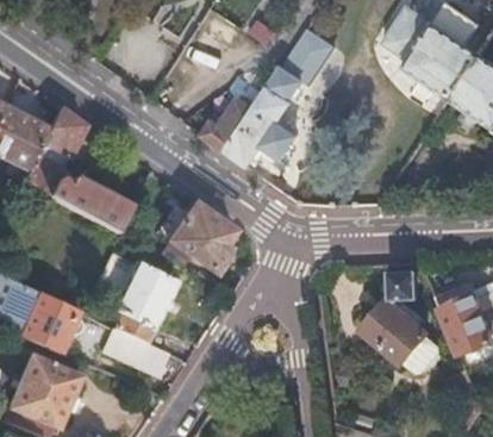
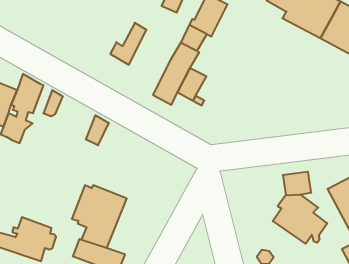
building: [202,96,252,150] -> [110,23,147,65]
building: [46,176,127,232] -> none
building: [167,201,235,275] -> none

